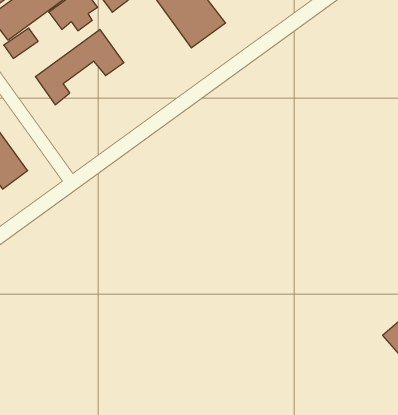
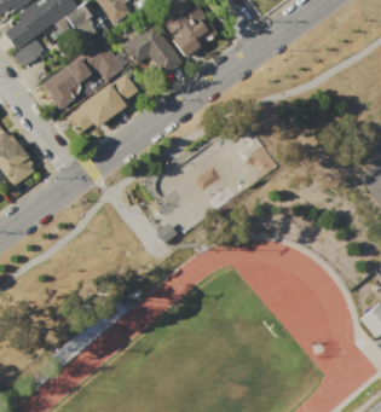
building: none -> [122,24,179,83]
building: none -> [67,72,140,135]

